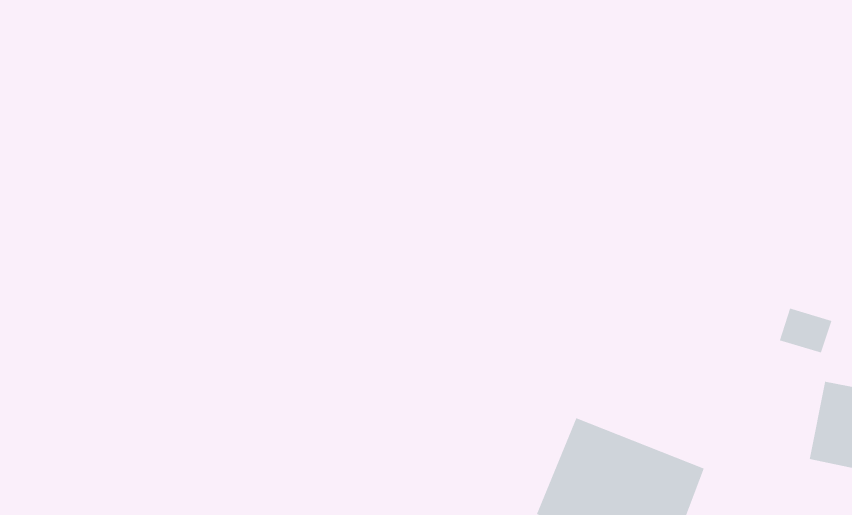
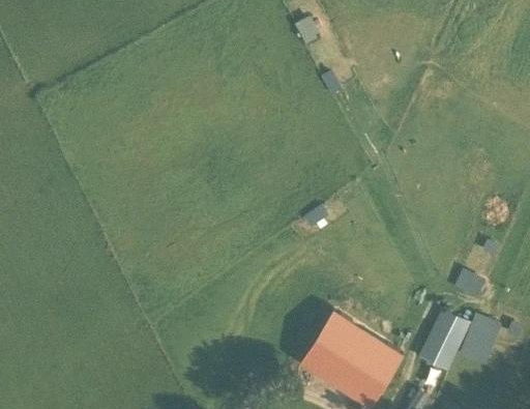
building: none -> [419,311,472,373]

